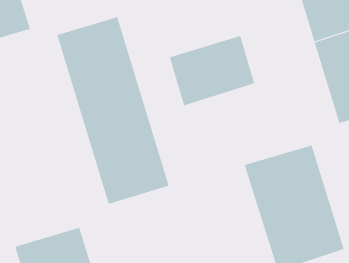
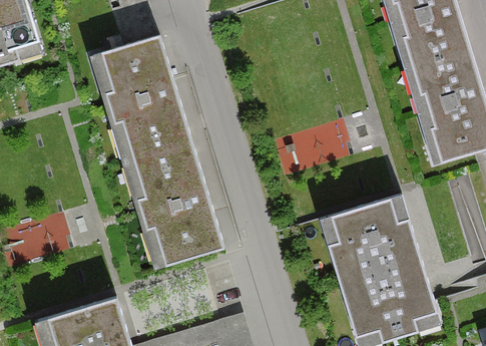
building: [169,35,255,106] -> none

